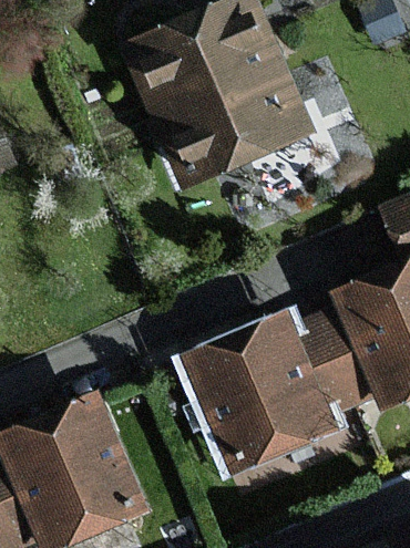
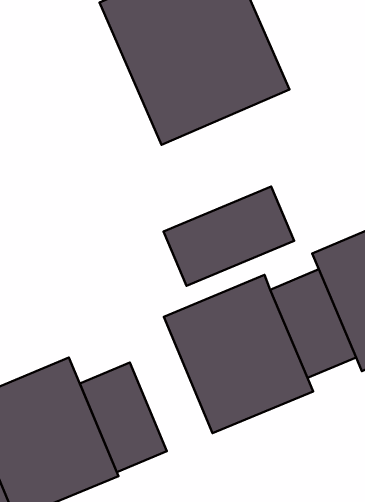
building: none -> [163,186,294,286]
building: none -> [80,362,167,472]

